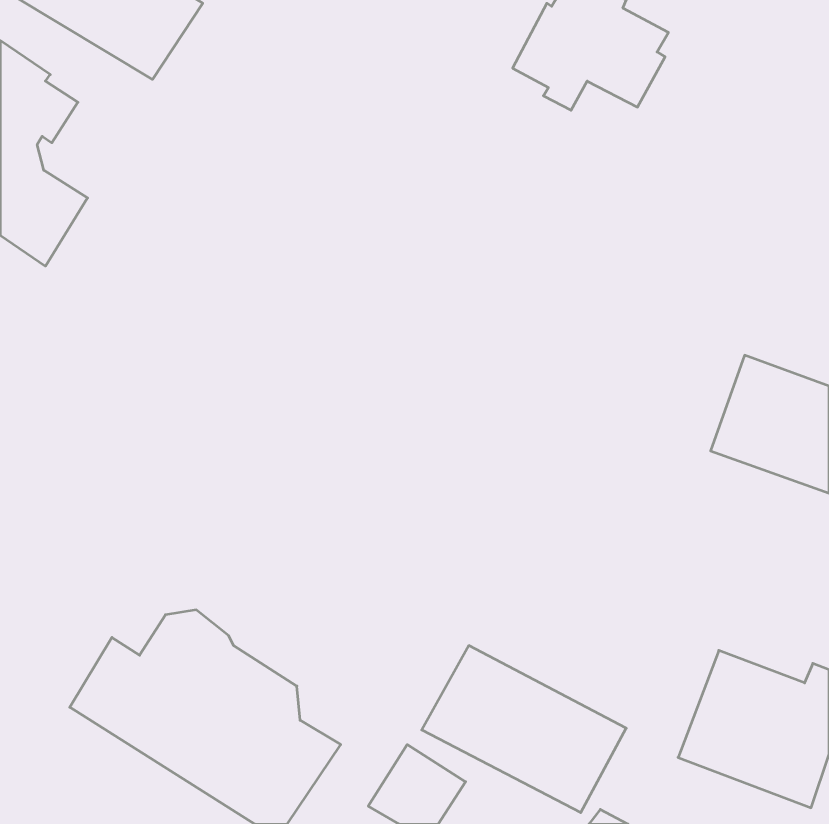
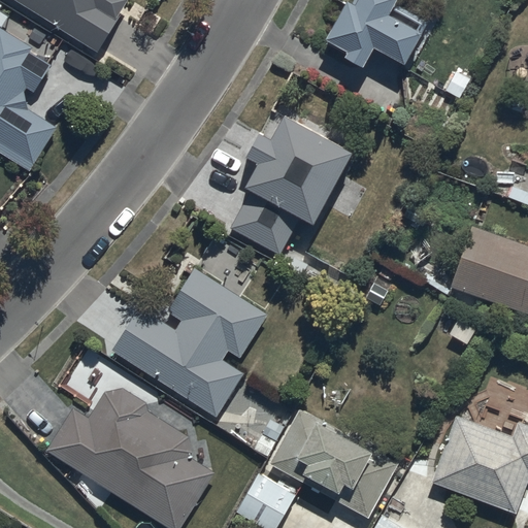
building: none -> [230,119,353,256]
building: none -> [111,268,267,417]

